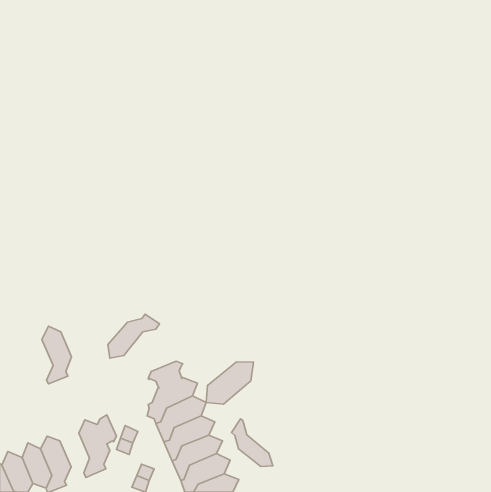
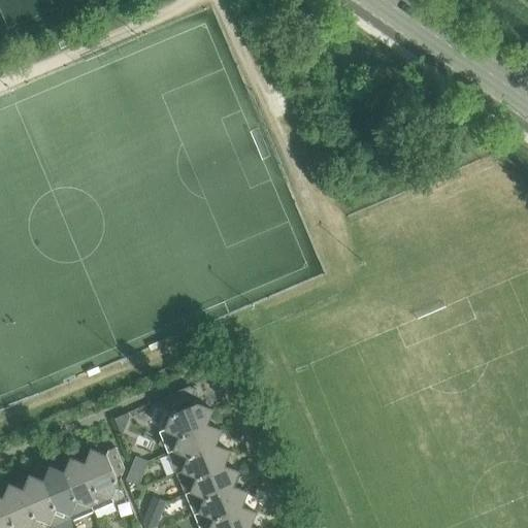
building: [108,314,160,358] -> none
building: [42,326,72,384] -> [64,458,96,520]
building: [206,362,254,404] -> none
building: [232,419,273,466] -> none

